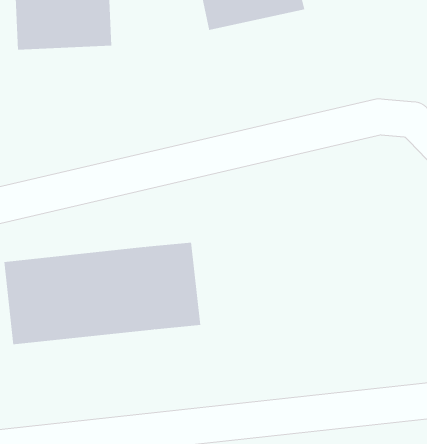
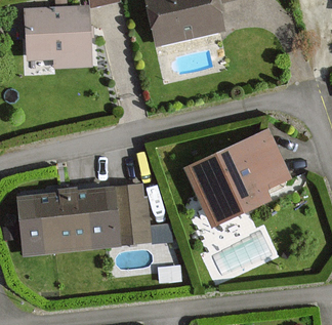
building: none -> [186,130,287,222]

